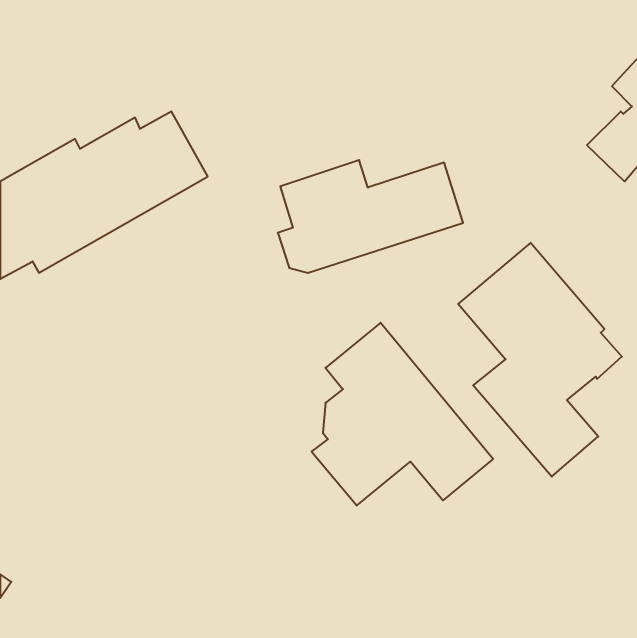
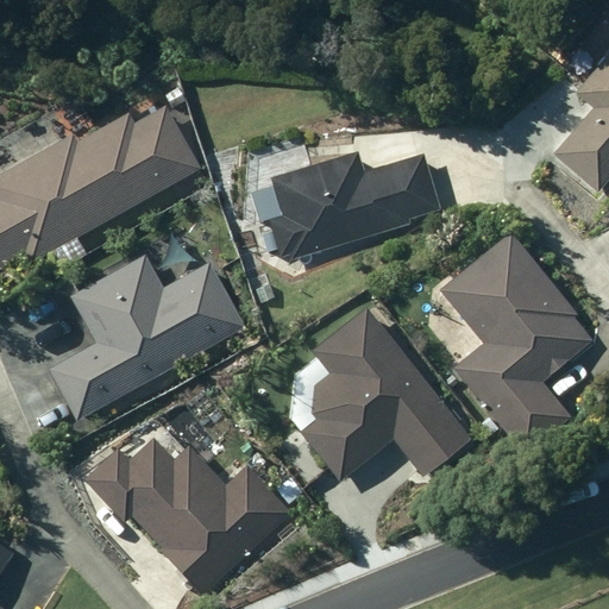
building: none -> [55,262,240,414]
building: none -> [94,447,282,584]

